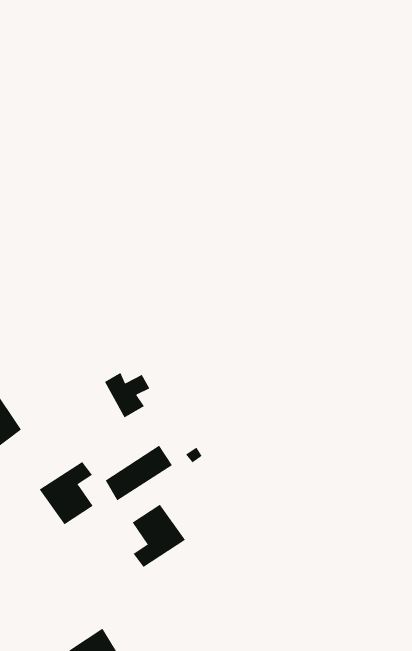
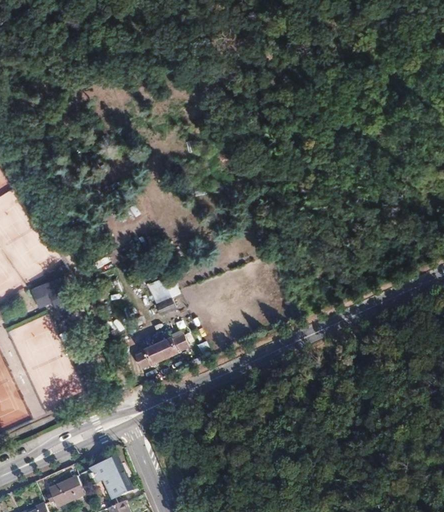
building: [39,461,93,525] -> none
building: [132,504,186,568] -> none

